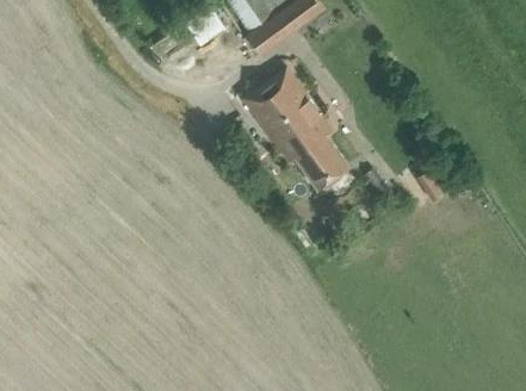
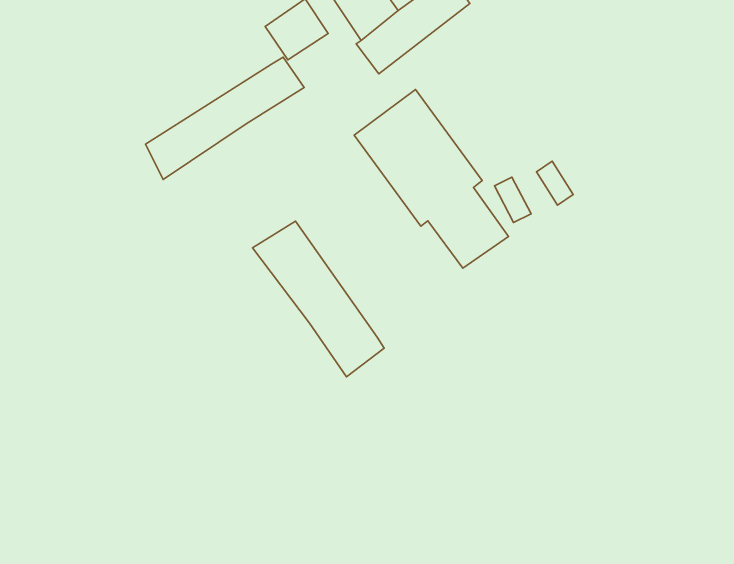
building: none -> [145,57,304,179]
building: none -> [252,221,384,377]

